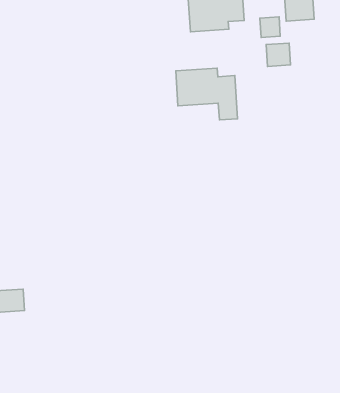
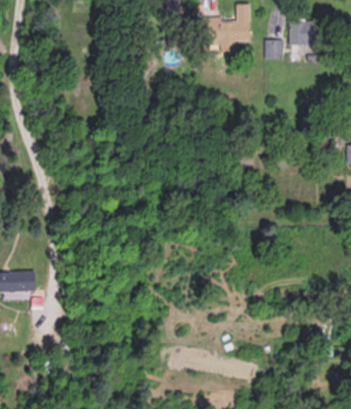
building: [266,43,291,66] -> none
building: [176,68,238,120] -> none

